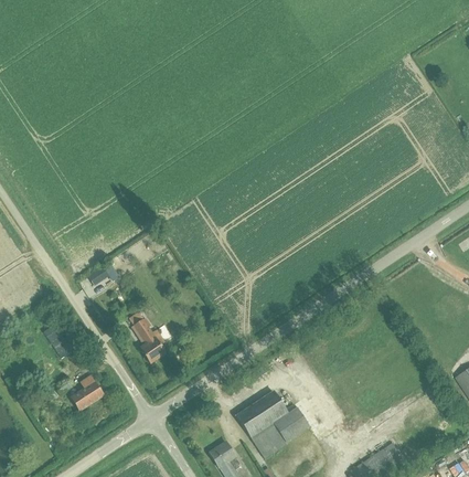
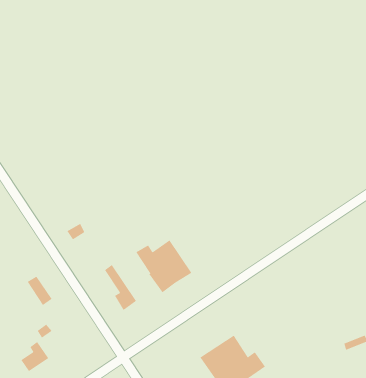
building: none -> [136,240,192,293]
building: [71,375,103,410] -> [20,341,49,372]

